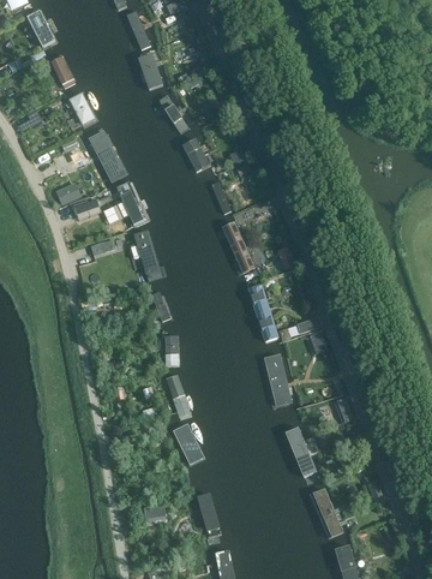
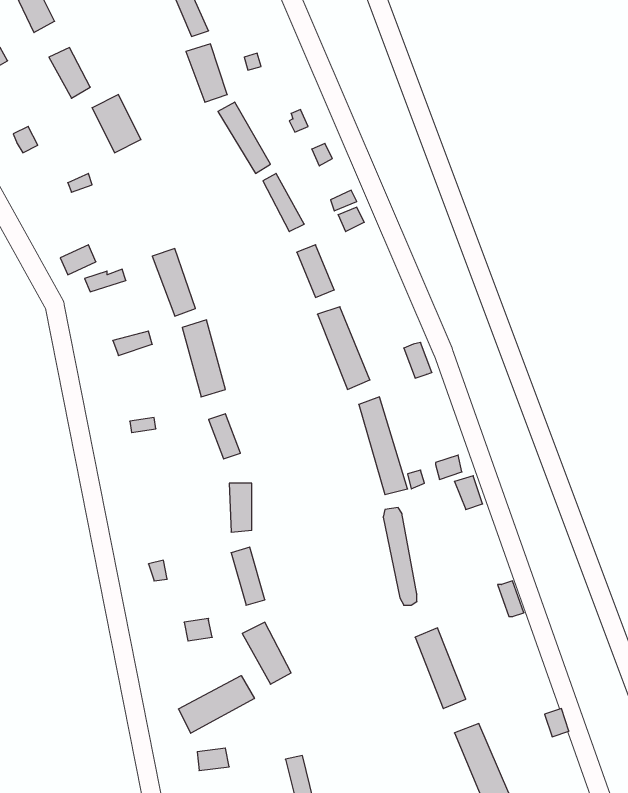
building: [85,129,128,186] -> none
building: none -> [178,676,254,733]

